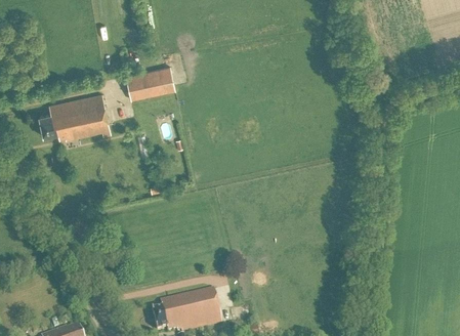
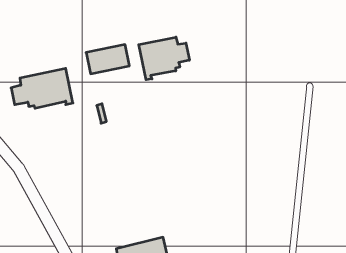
building: none -> [139,37,189,80]

